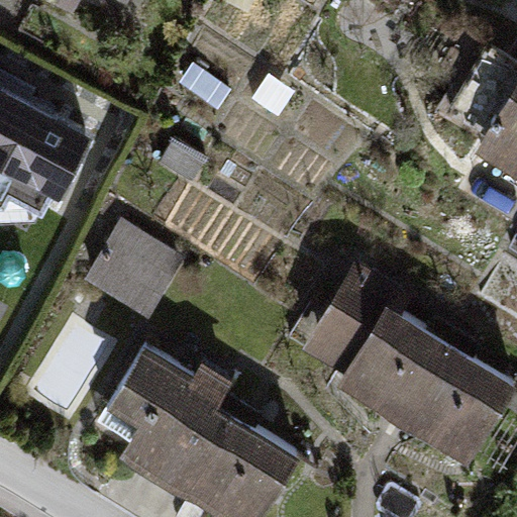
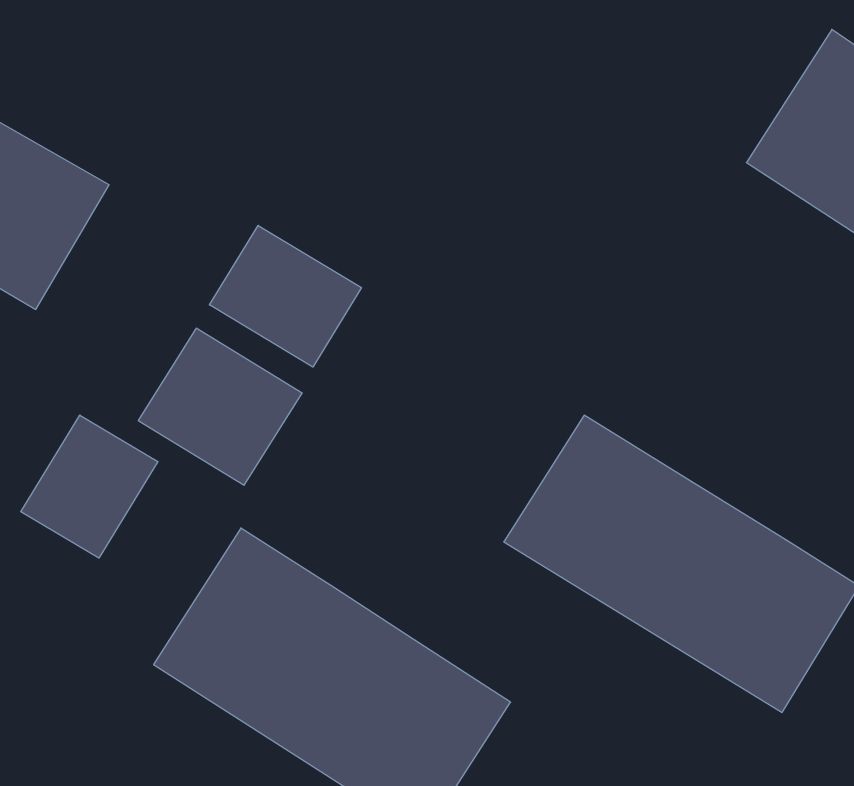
building: none -> [209,225,361,367]
building: none -> [21,415,158,558]

